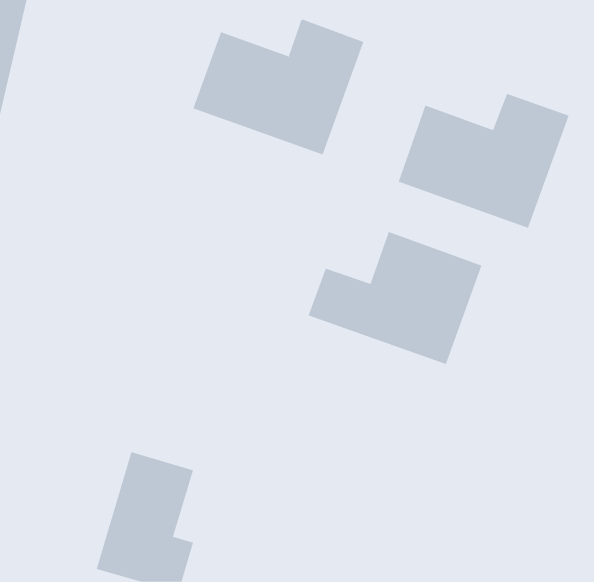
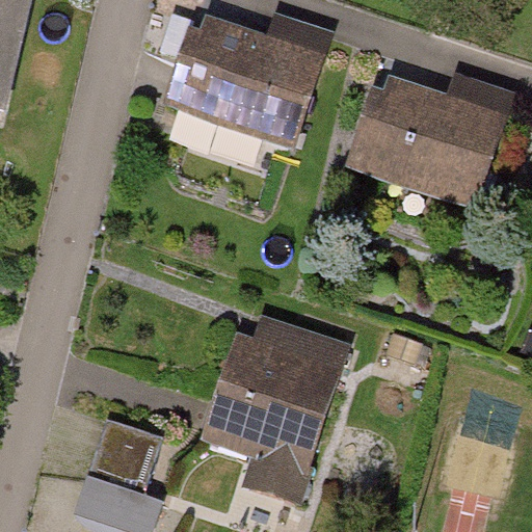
building: [308,231,482,365] -> none
building: none -> [191,316,335,475]

